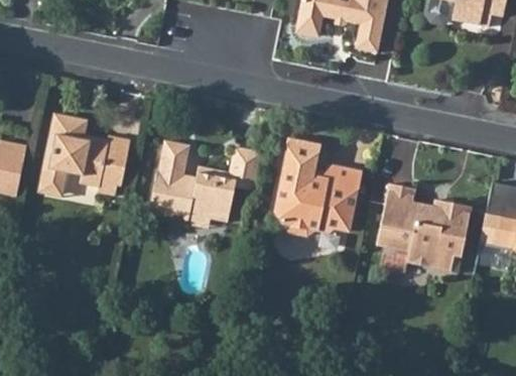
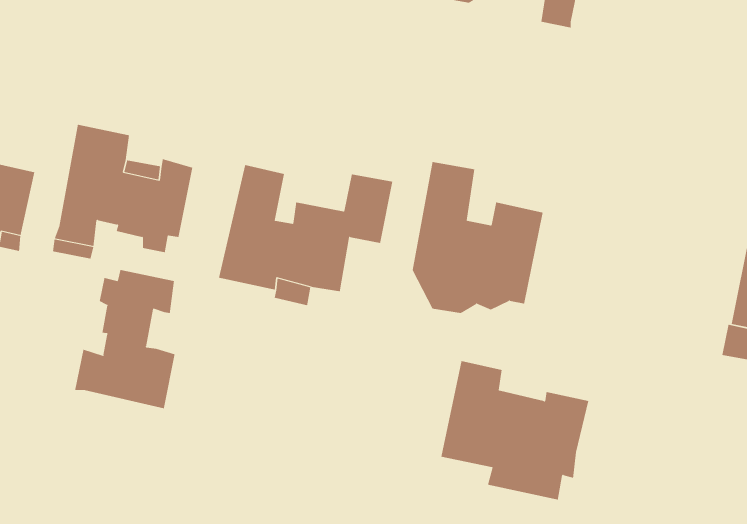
building: [375,182,472,273] -> [441,361,589,500]
building: none -> [74,269,175,409]

